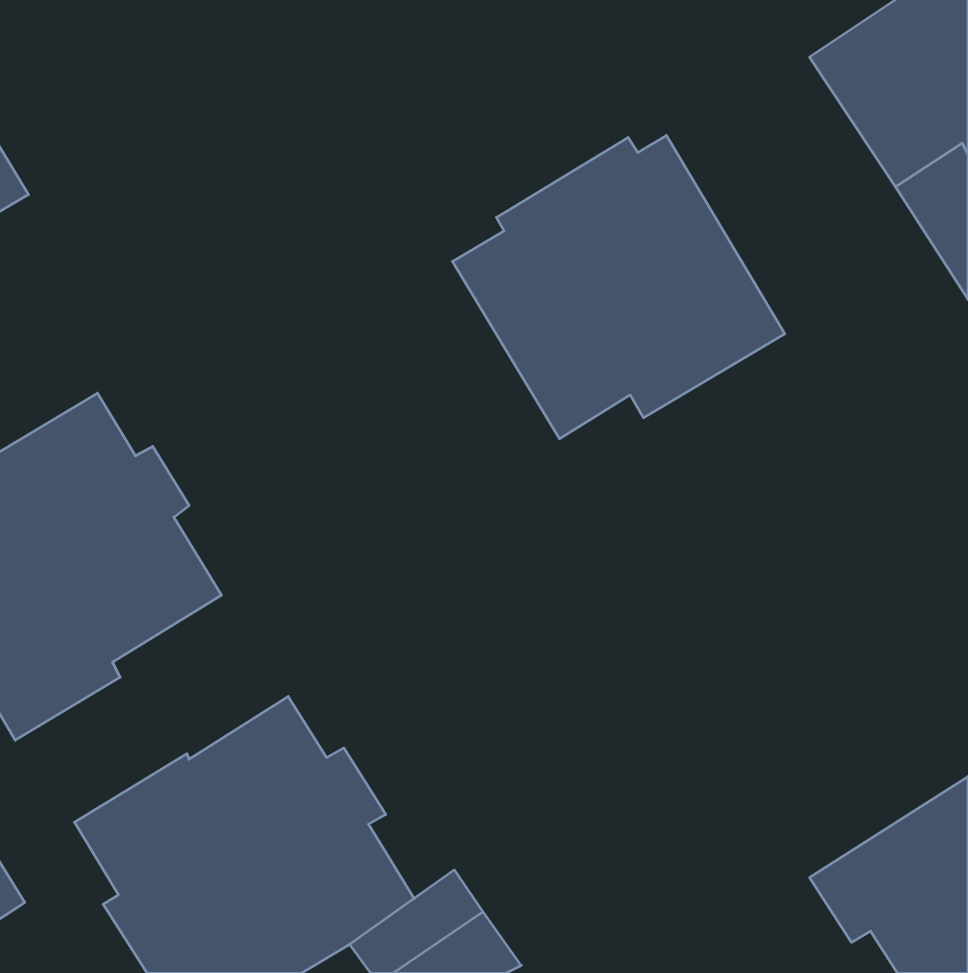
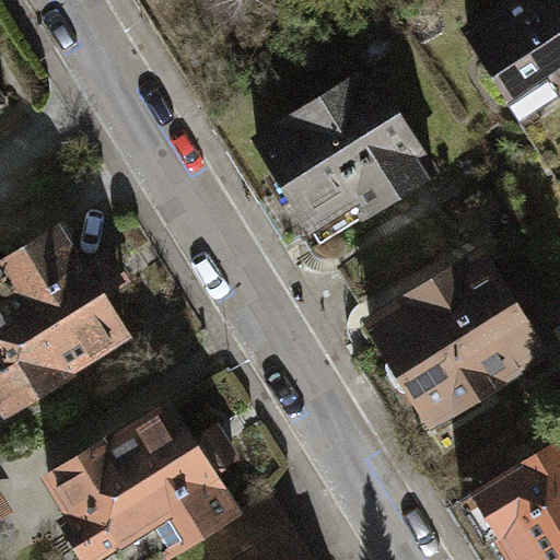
building: none -> [368,253,548,432]

